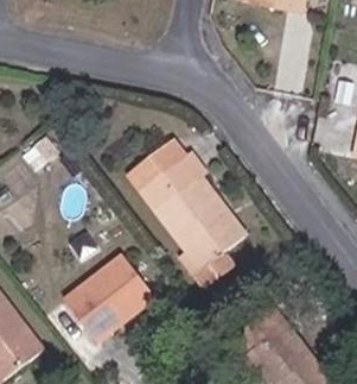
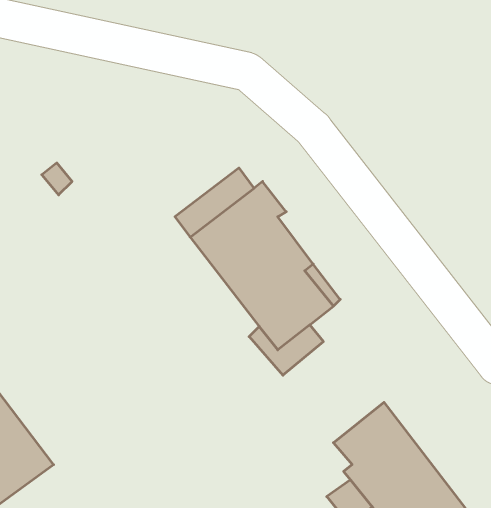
building: [63,253,153,341] -> none

